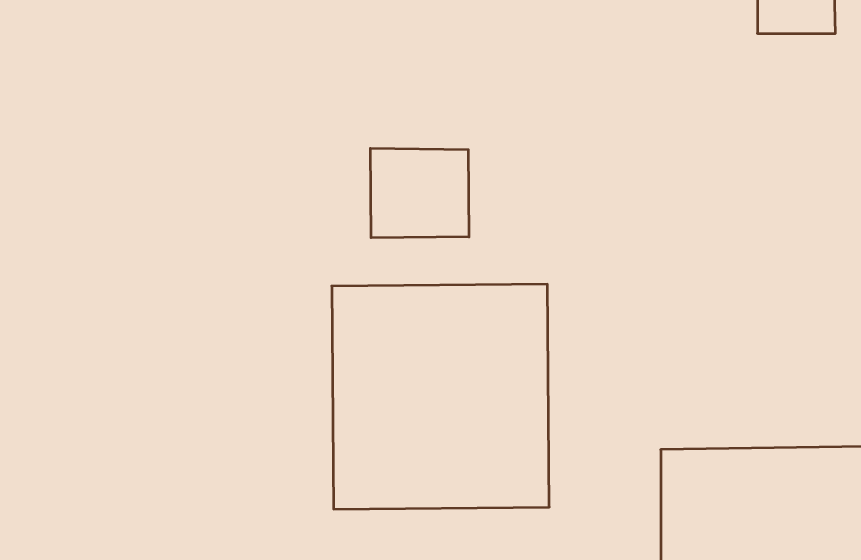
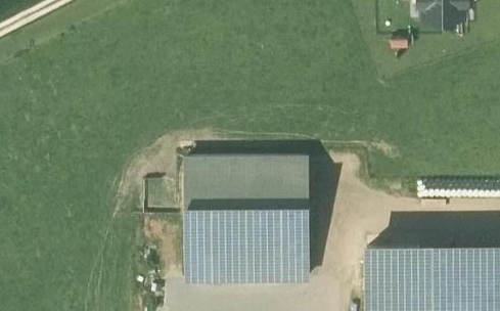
building: [370,148,469,238] -> none

